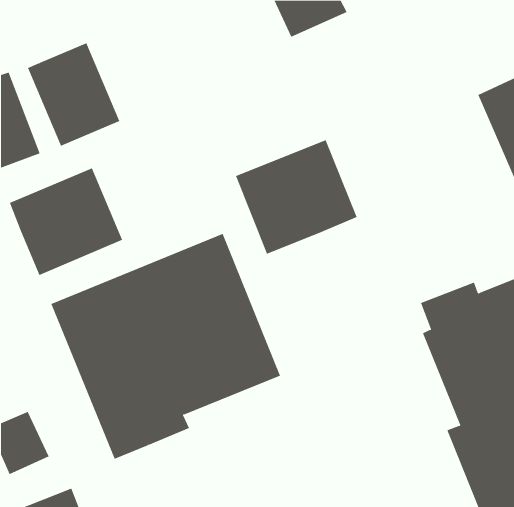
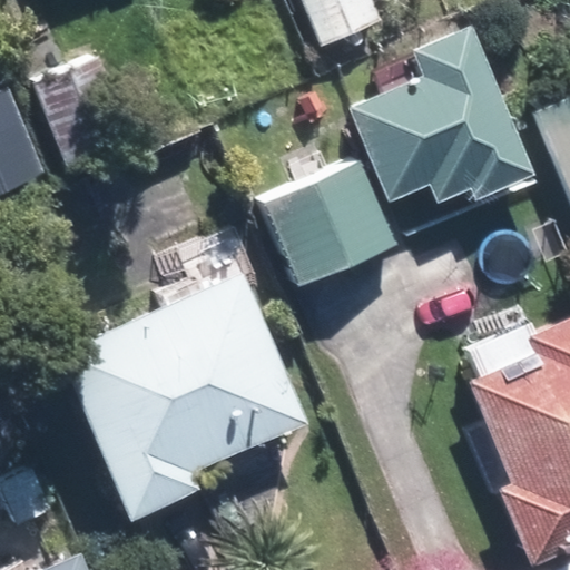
building: none -> [346,22,538,203]
building: [9,168,123,276] -> none

